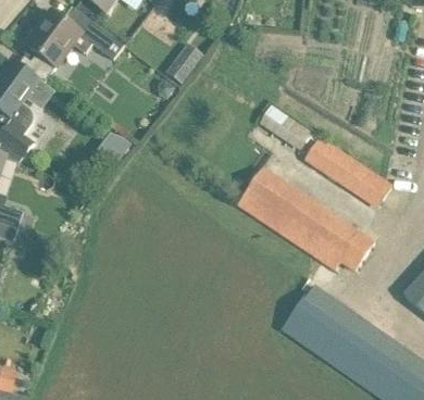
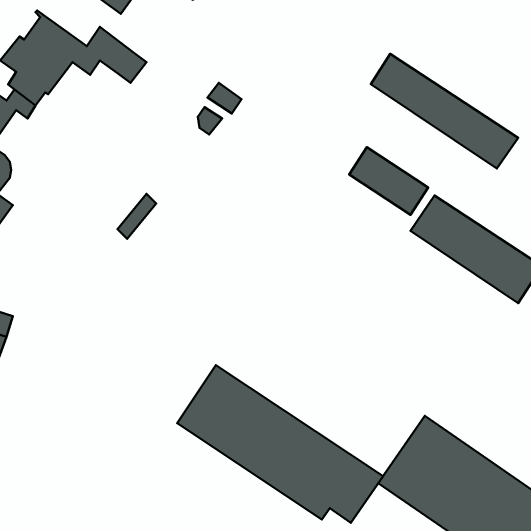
building: none -> [371,54,518,169]
building: [237,165,376,272] -> [177,365,383,523]

